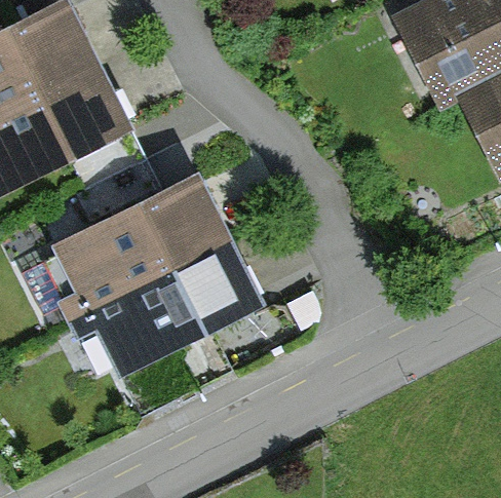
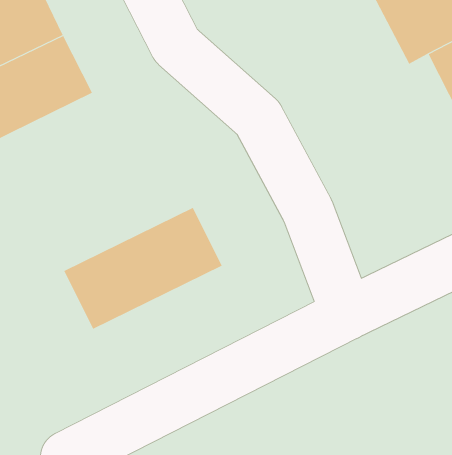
building: [65,177,225,301] -> none

